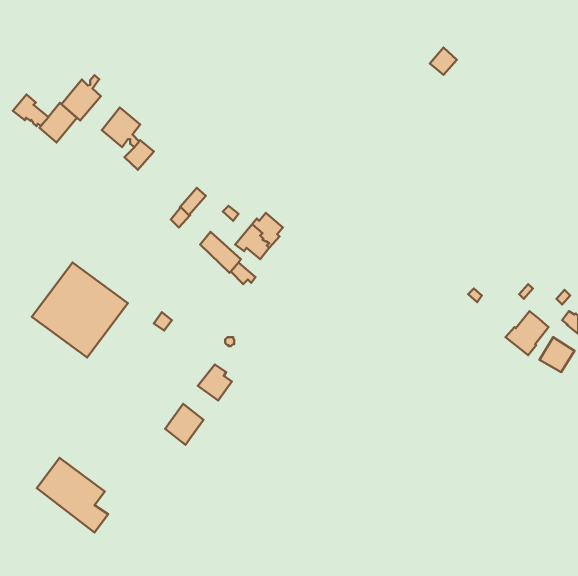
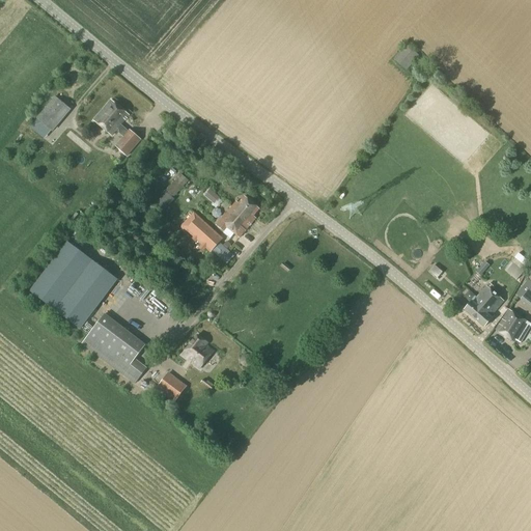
building: [62,75,101,121] -> none
building: [13,94,48,126] -> none
building: [37,458,108,532] -> [82,314,147,383]

